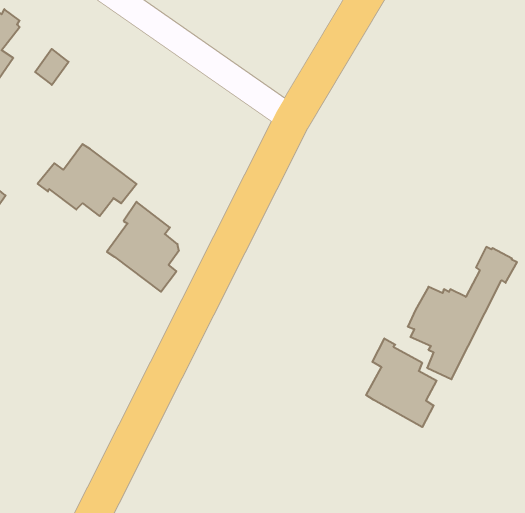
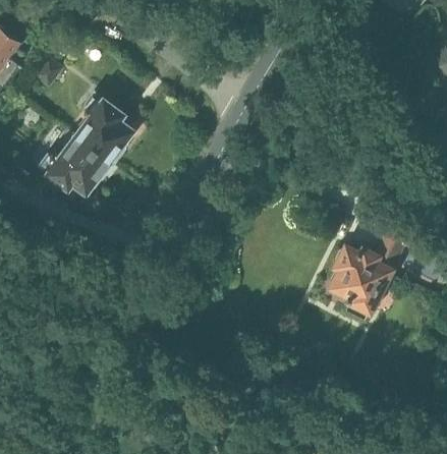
building: [107,202,179,292] -> [73,96,130,167]
building: [366,338,437,427] -> none

